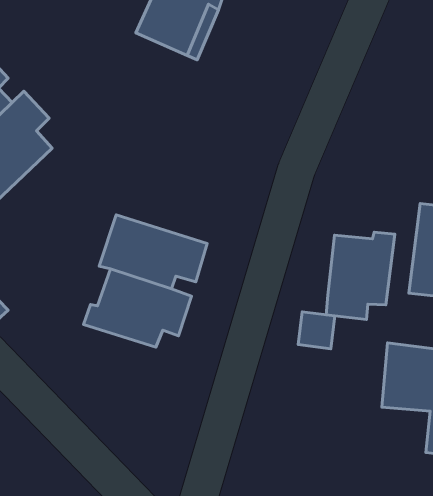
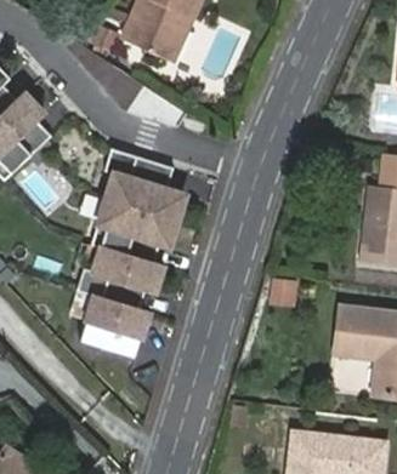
building: none -> [103,145,193,217]
building: [326,232,395,320] -> none
building: none -> [70,286,153,354]

